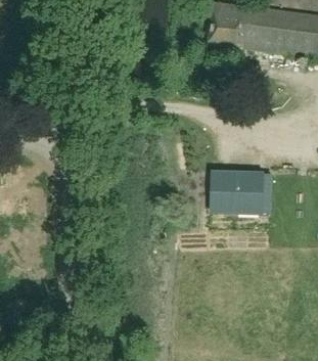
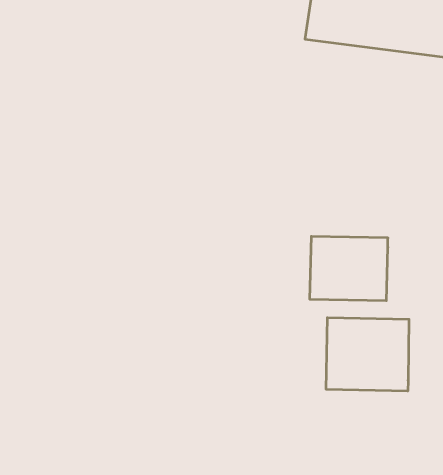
building: none -> [326,318,409,391]

